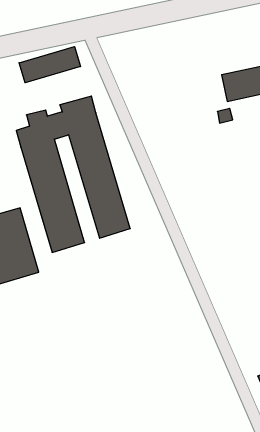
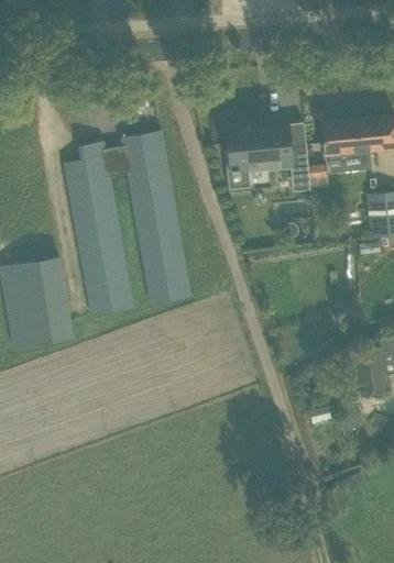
building: [19,47,80,83] -> none
building: none -> [228,124,309,183]

